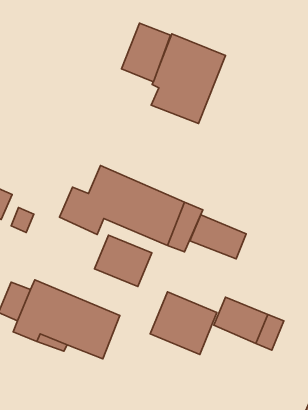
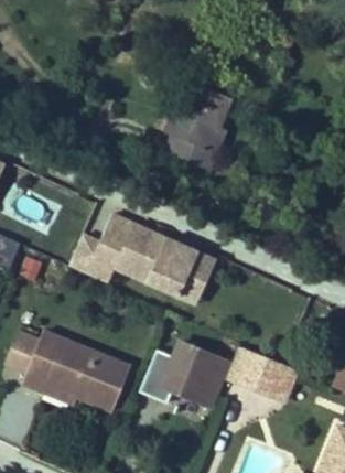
building: [121,23,171,82] -> none
building: [190,215,246,259] -> none
building: [95,235,152,287] -> none

